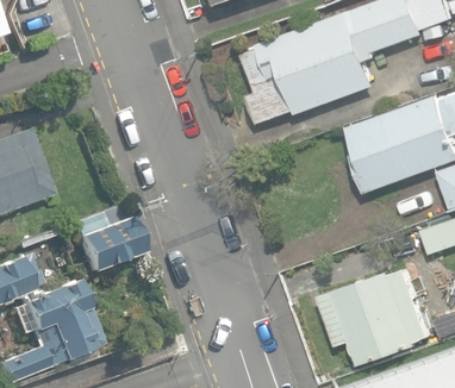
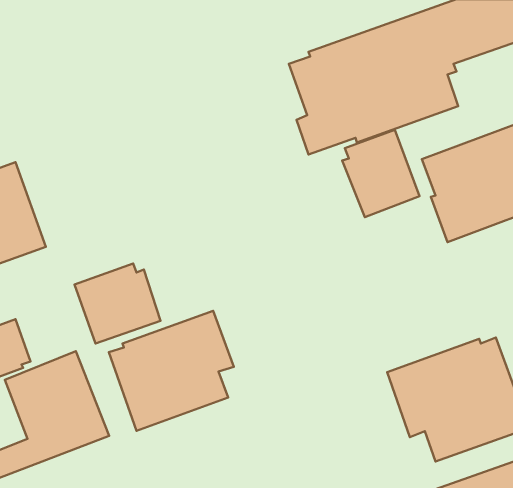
building: none -> [342,130,419,217]
building: none -> [109,311,234,431]

